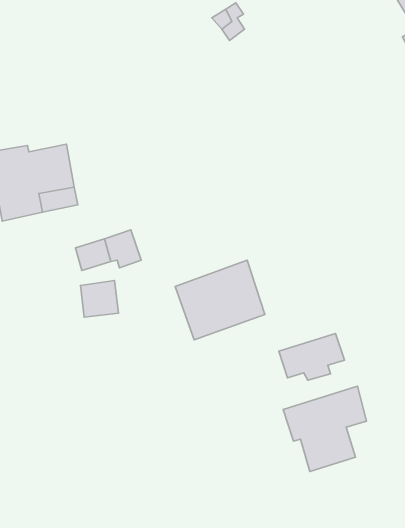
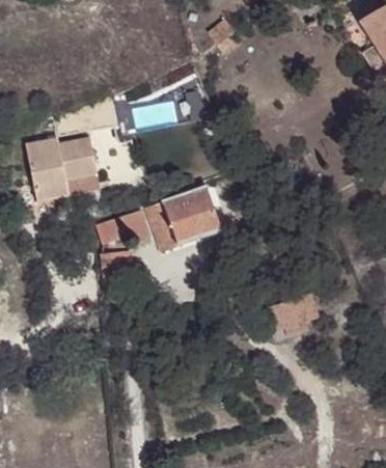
building: [175,260,265,340] -> [146,185,220,250]
building: [283,386,367,472] -> none

